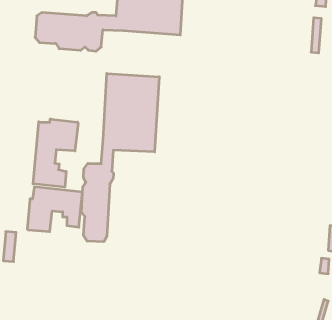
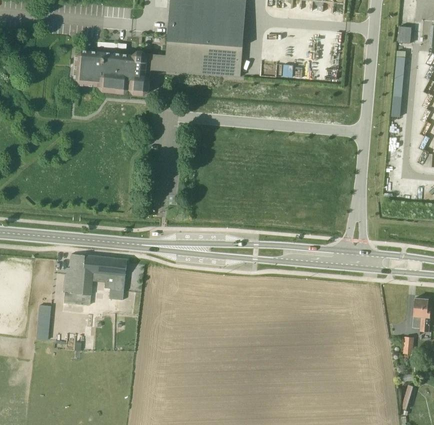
building: [81,73,159,242] -> none
building: [33,119,78,187] -> none

